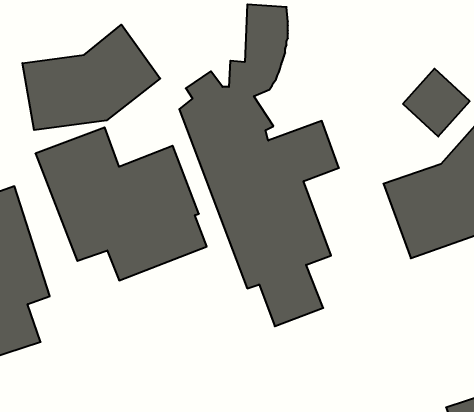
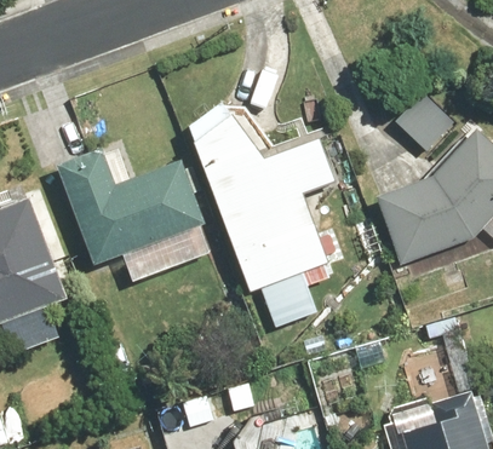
building: [22,25,160,130] -> none

